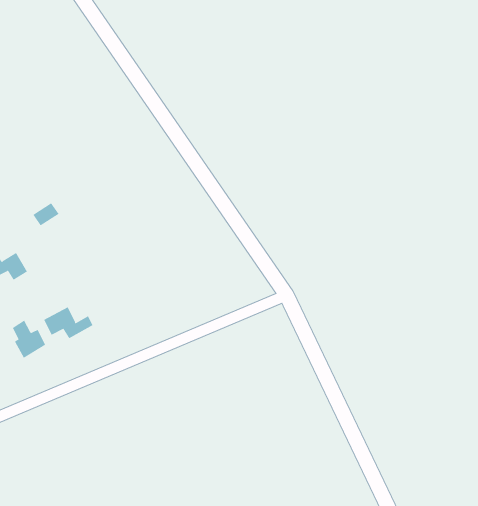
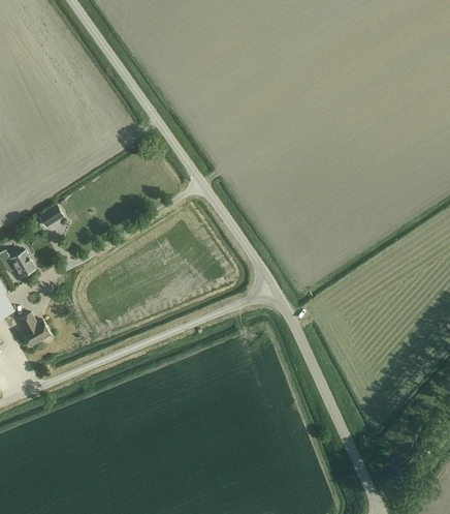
building: [43,307,93,340] -> none

